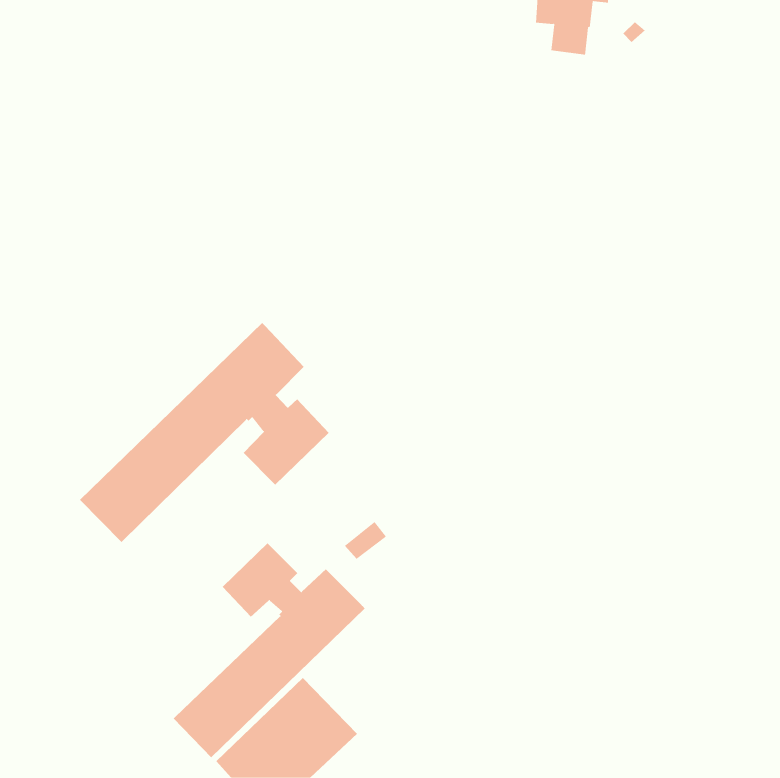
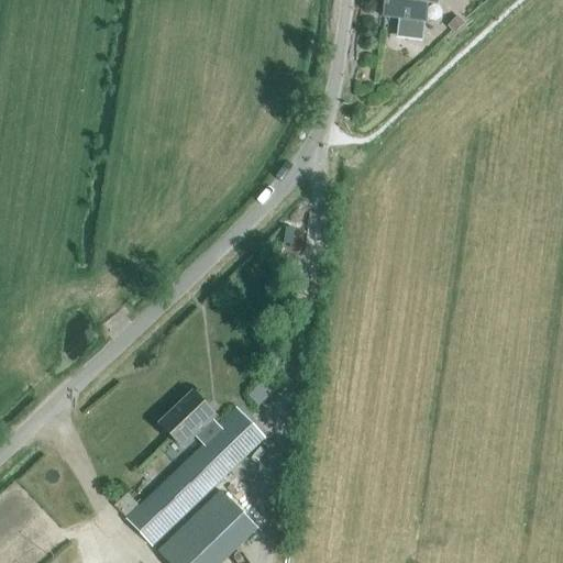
building: [79,322,329,543] -> none

